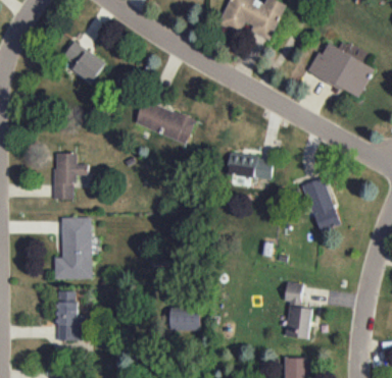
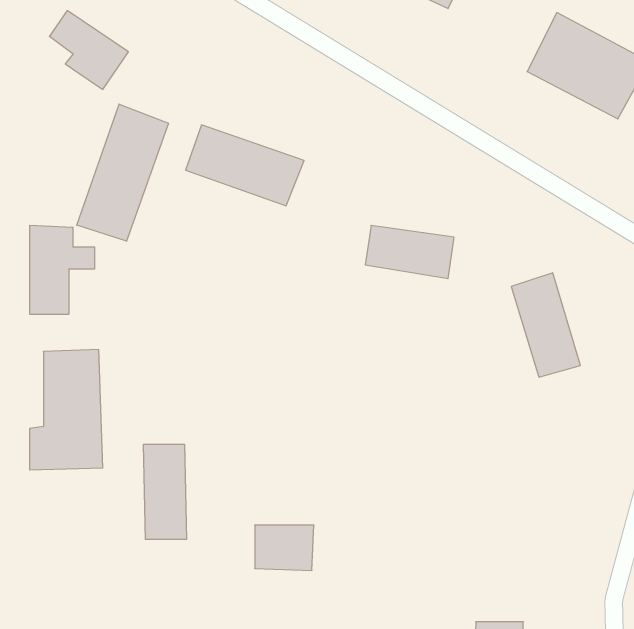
building: none -> [77,104,168,241]
building: [285,281,312,338] -> none
building: [56,291,79,340] -> [143,445,187,539]

